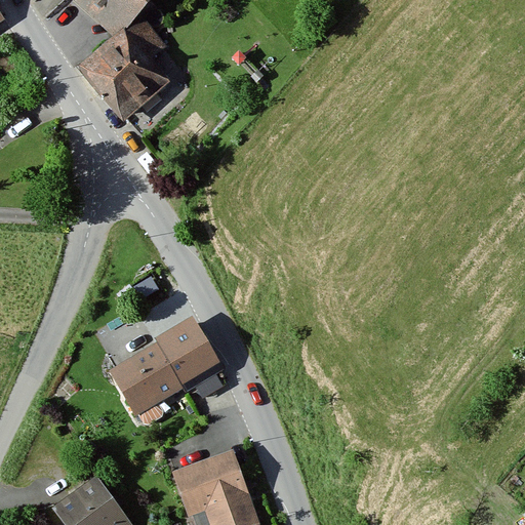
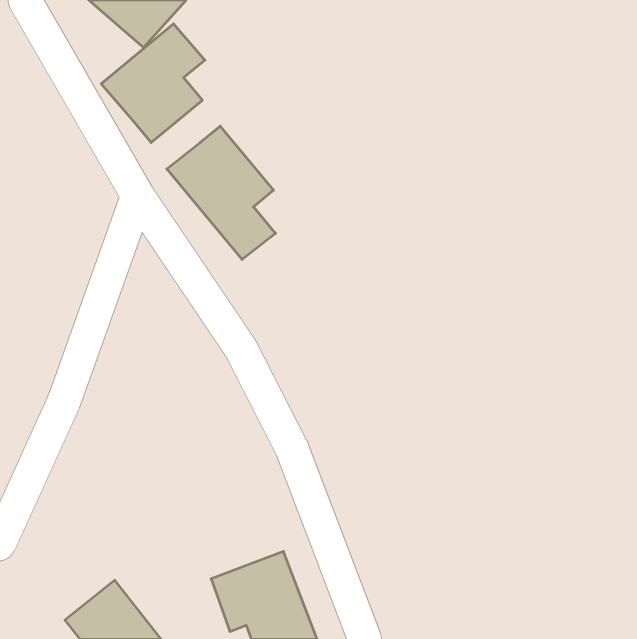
building: none -> [167,126,276,260]
building: [107,320,220,420] -> none

